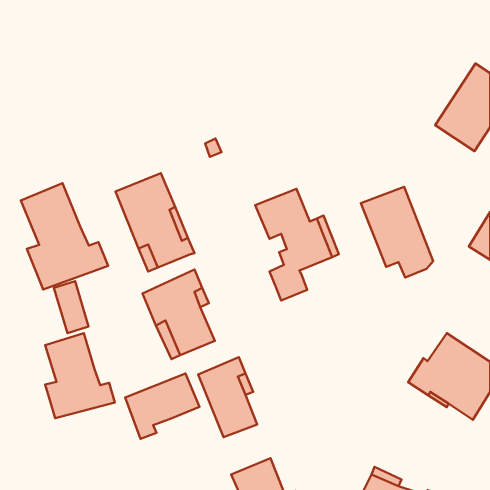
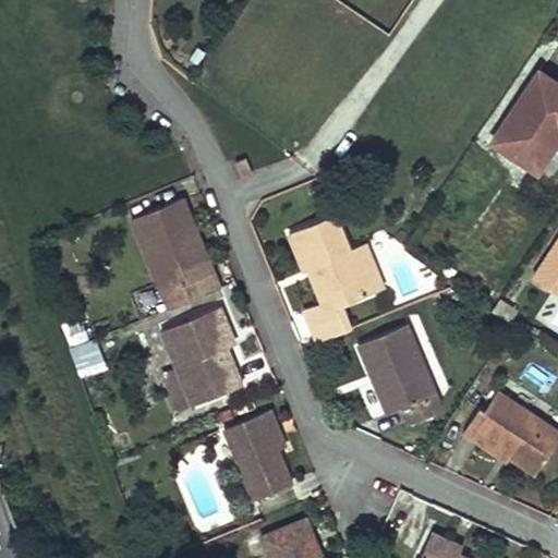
building: [21,183,108,290] -> none
building: [361,187,433,277] -> [359,325,440,427]
building: [45,333,115,418] -> none
building: [125,373,200,439] -> none

